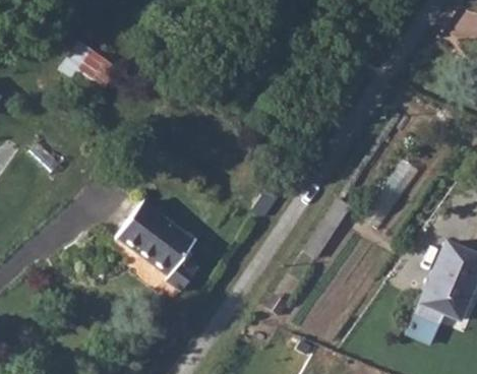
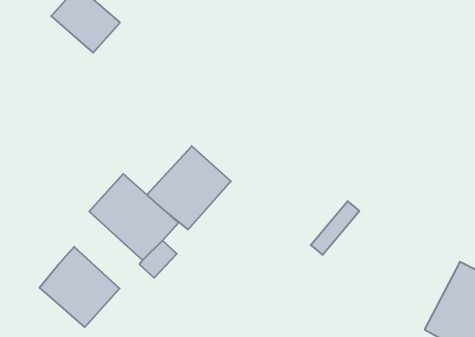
building: none -> [147,146,231,230]
building: none -> [40,247,120,327]

